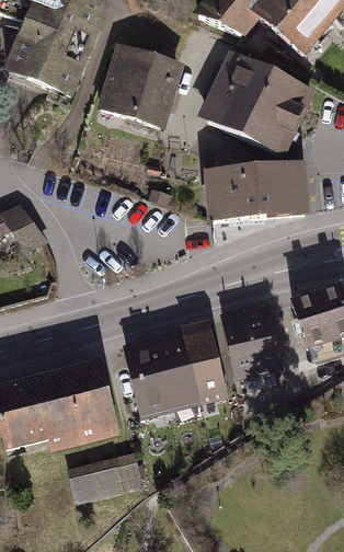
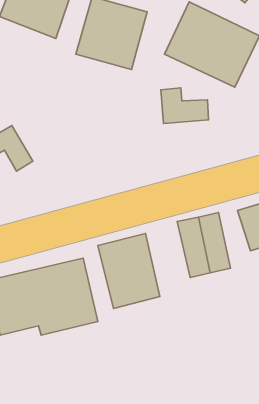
building: [203,164,305,220] -> none
building: [180,318,227,403] -> none
building: [68,449,145,499] -> none

